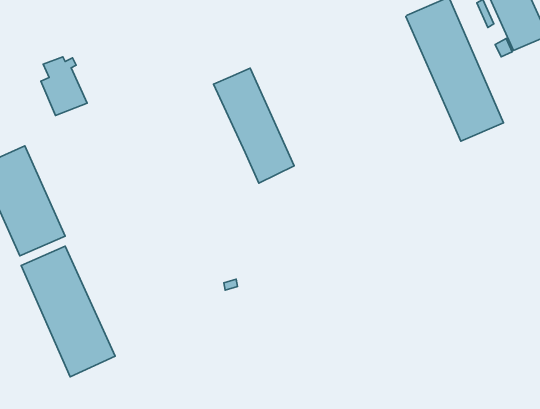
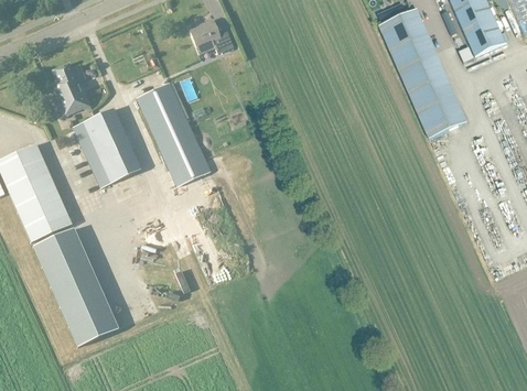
building: none -> [190,19,233,54]
building: [213,68,294,183] -> [137,83,209,186]
building: none -> [72,108,140,187]

